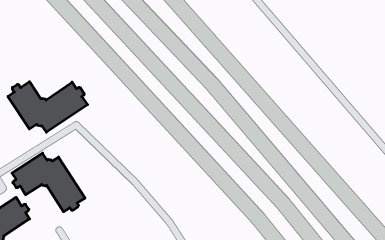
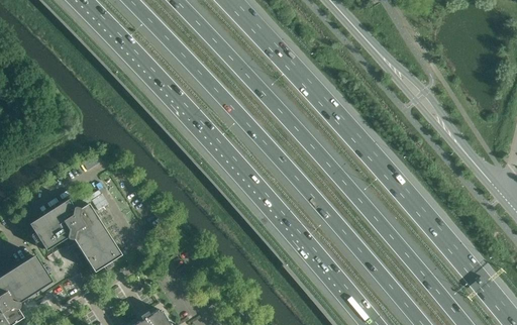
building: [8,82,88,132] -> none

